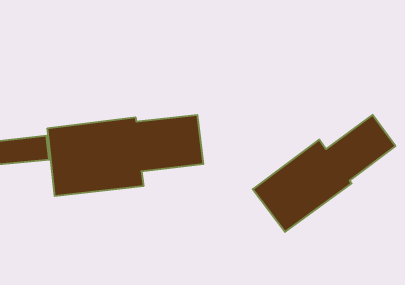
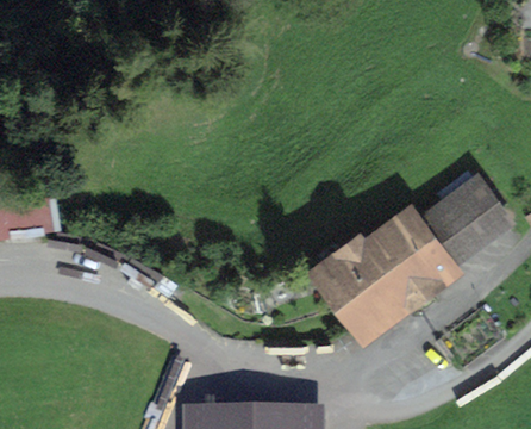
building: [48,115,203,196] -> none

